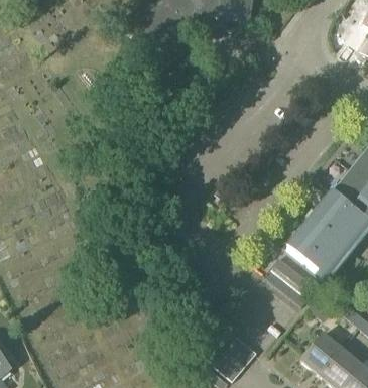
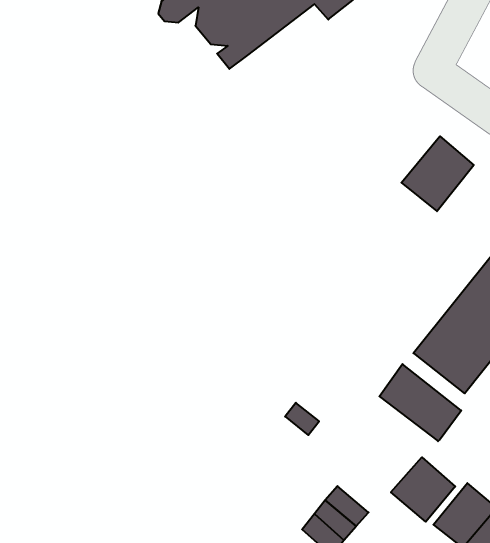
building: none -> [401,136,474,211]
building: none -> [391,457,455,522]

